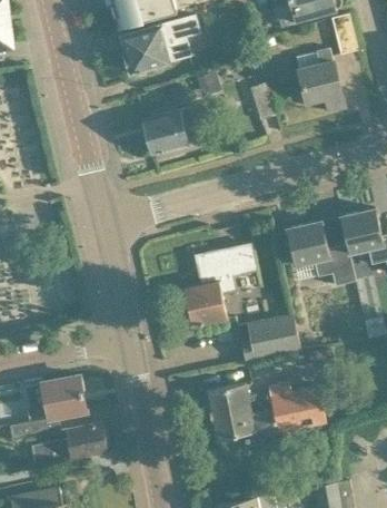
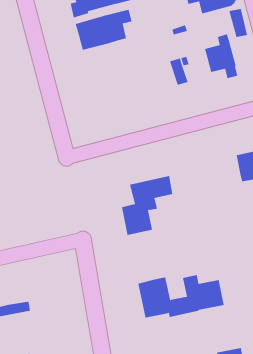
building: [143,107,199,154] -> none
building: [286,221,355,286] -> none
building: [238,314,300,361] -> none
building: [27,375,85,421] -> none
building: [31,422,107,465] -> none

